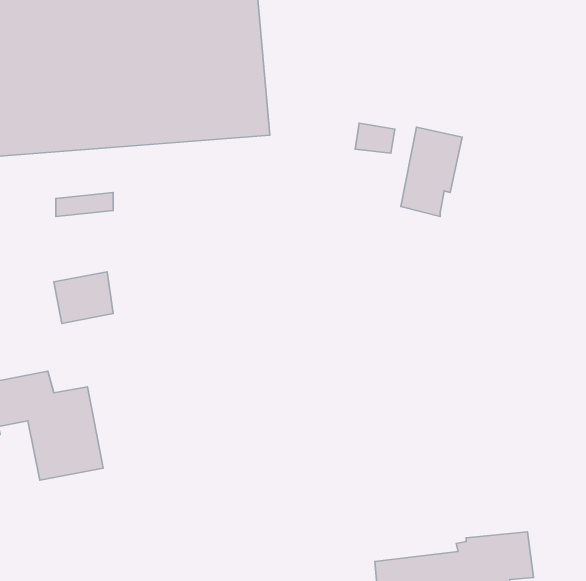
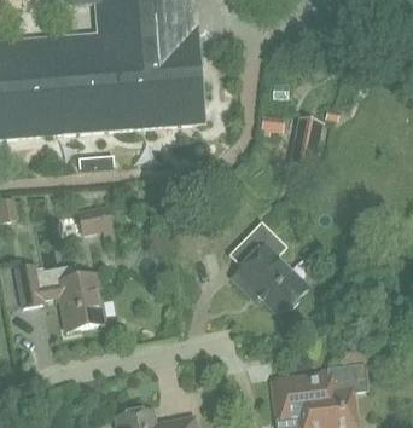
building: none -> [228,222,307,316]

